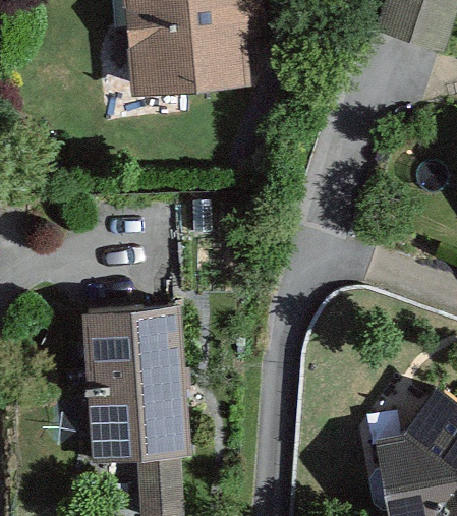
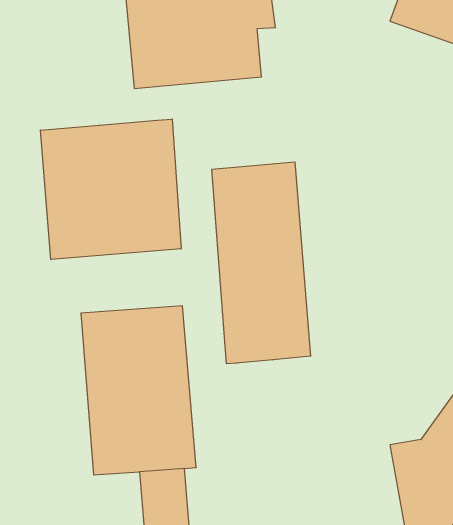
building: none -> [41,119,181,260]
building: none -> [212,162,310,364]

